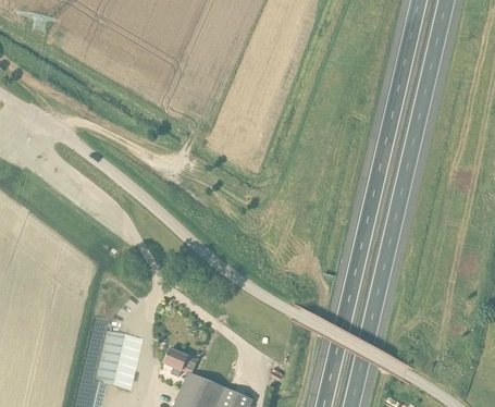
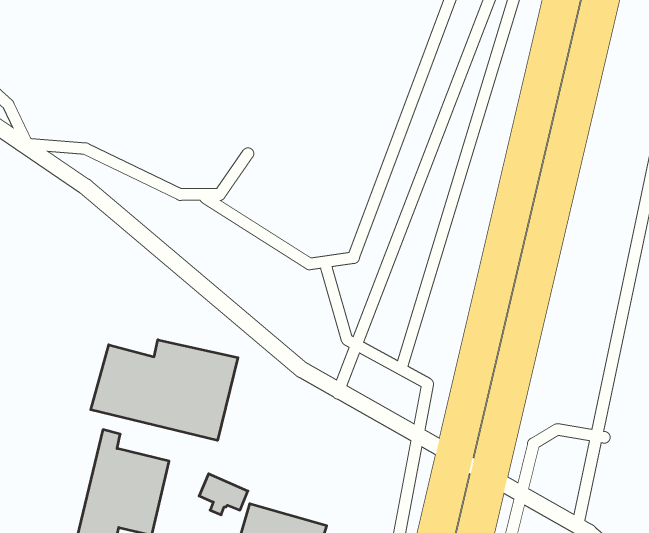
building: none -> [91,340,238,440]

